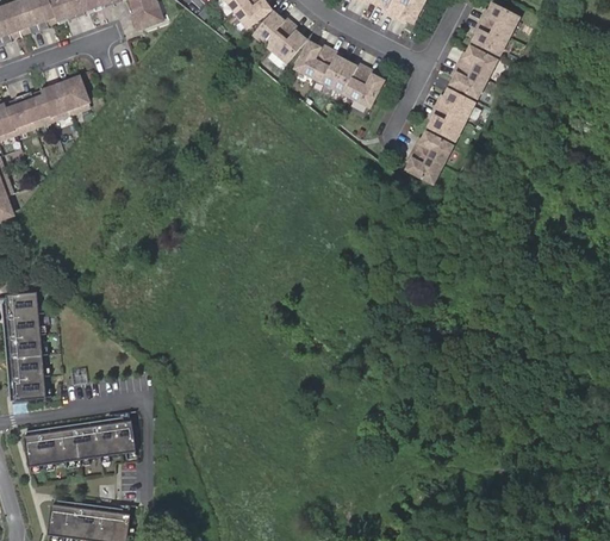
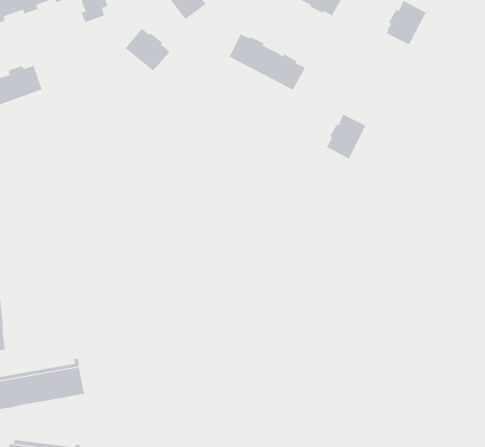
building: [255,12,306,61] -> [125,28,170,71]
building: [452,46,497,98] -> none
building: [429,89,474,141] -> none

